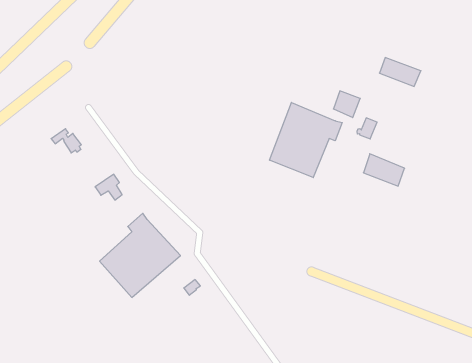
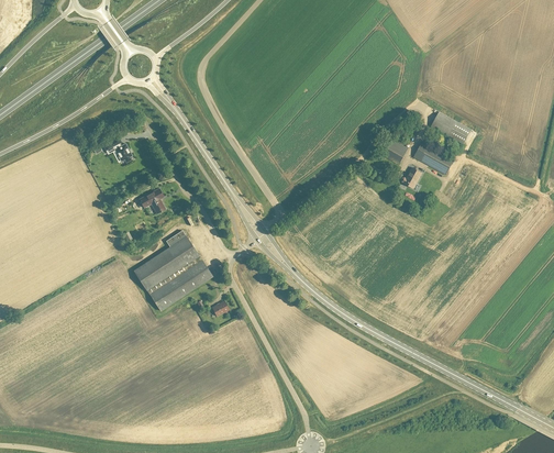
building: [270,102,342,178] -> none
building: [363,154,405,186] -> [412,140,453,175]

